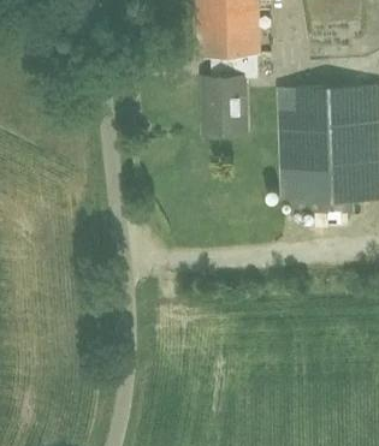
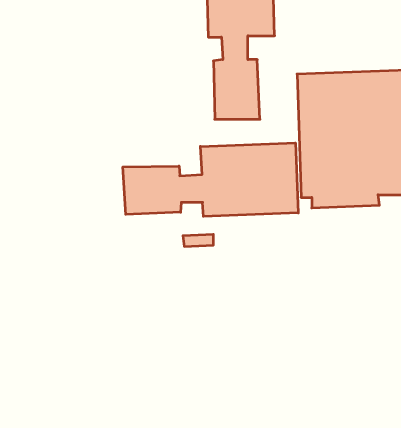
building: none -> [123,143,298,216]

